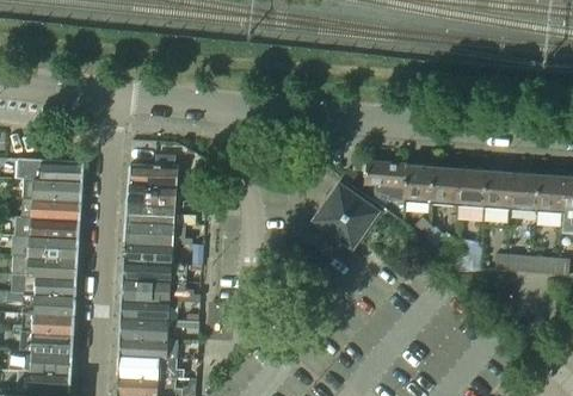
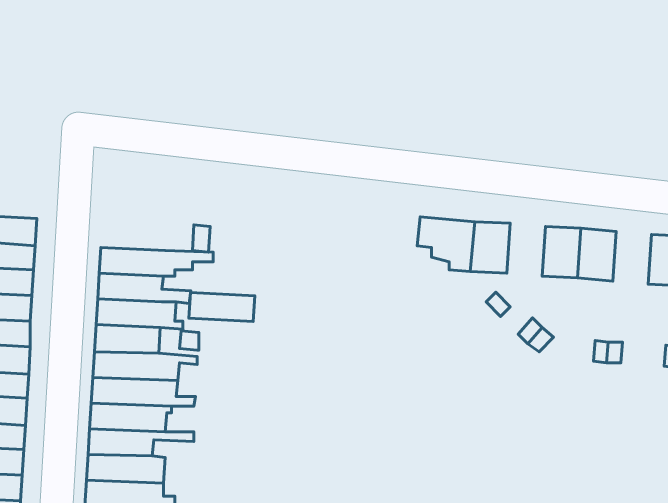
building: [128,166,177,187] -> [189,293,255,321]
building: [430,167,458,206] -> none
building: [509,173,537,212] -> none
building: [314,186,375,247] -> none

